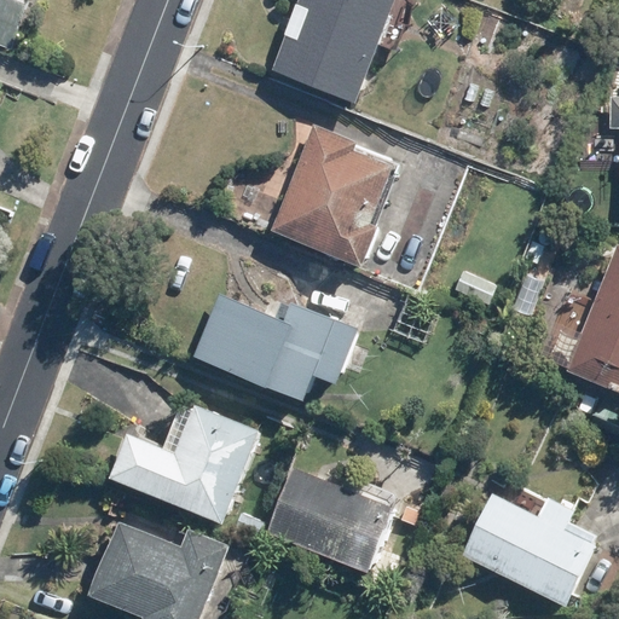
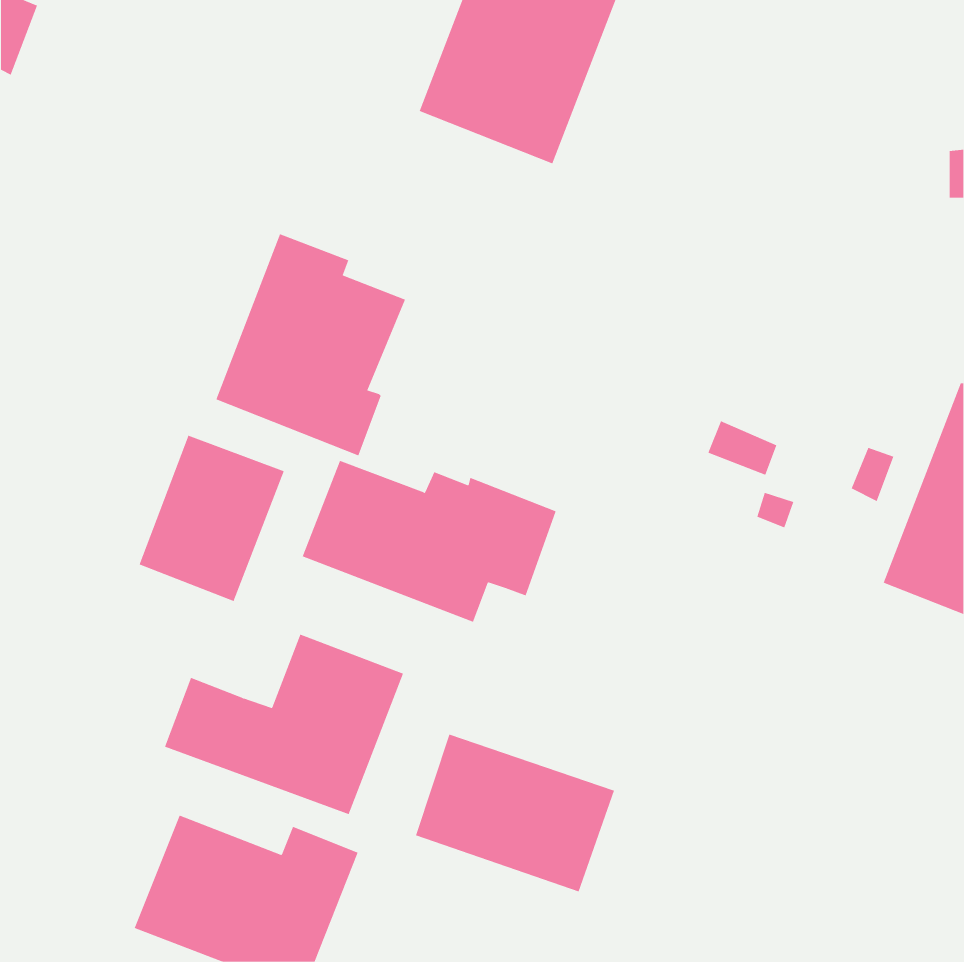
building: [270,125,392,267] -> [215,234,406,456]
building: none -> [139,435,284,602]
building: [458,492,595,606] -> none

